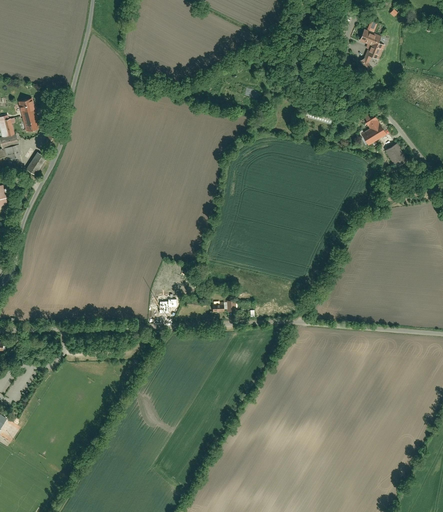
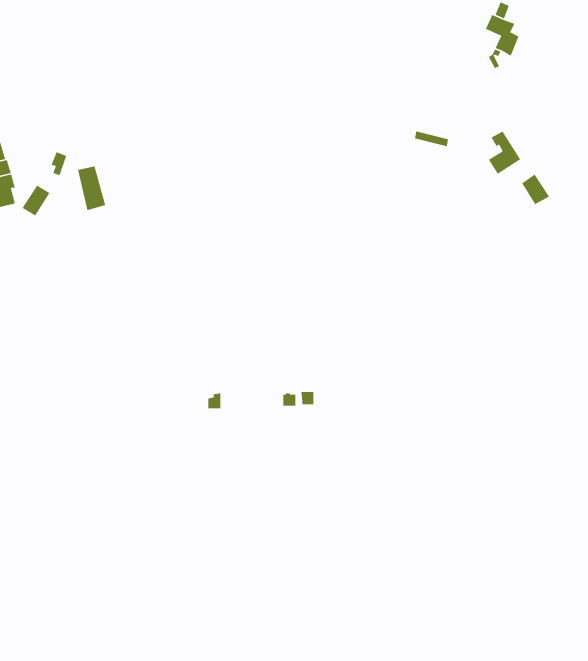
building: [18,99,39,132] -> [77,165,106,211]

